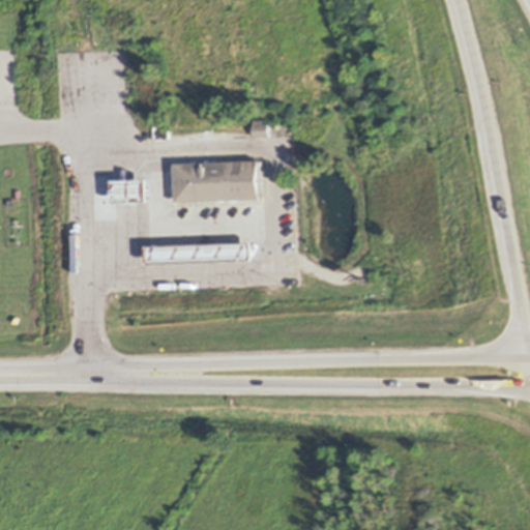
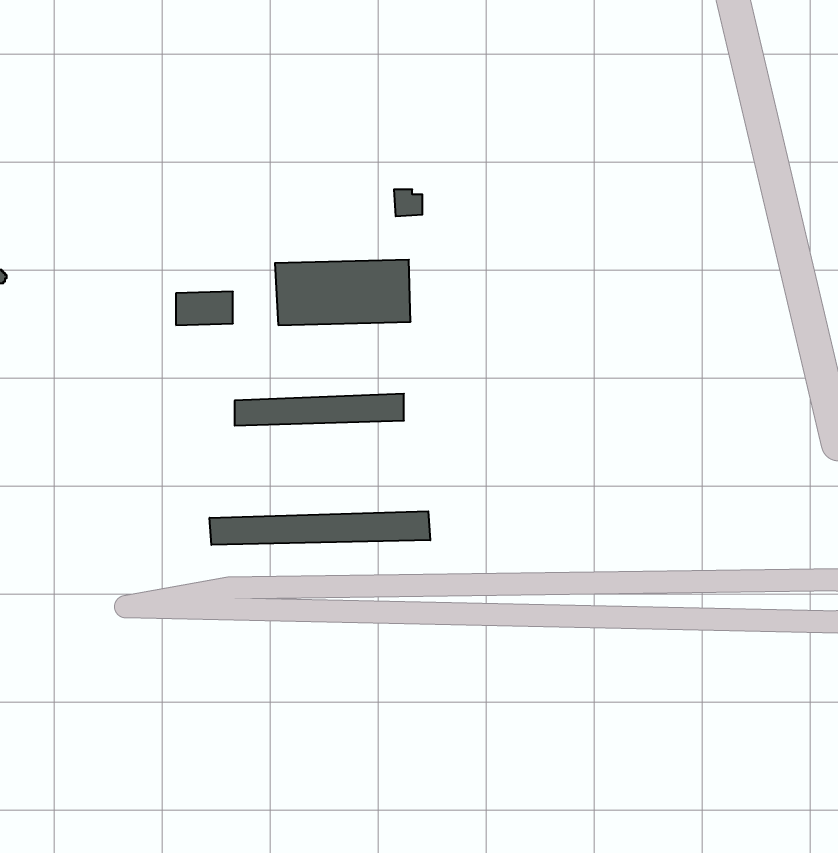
building: none -> [210,511,430,545]

